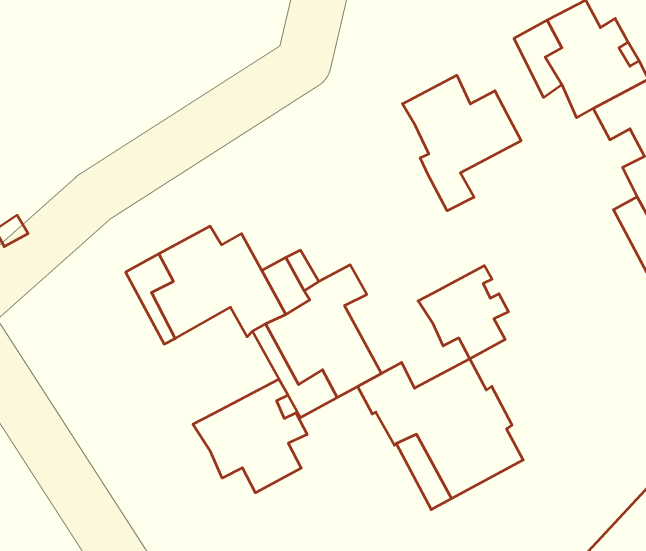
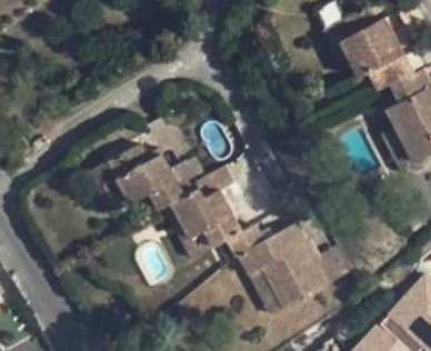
building: [402,75,521,211] -> none
building: [418,266,508,359] -> none
building: [193,379,307,493] -> none

